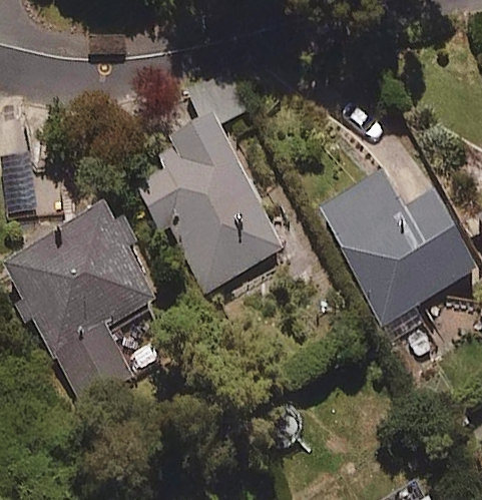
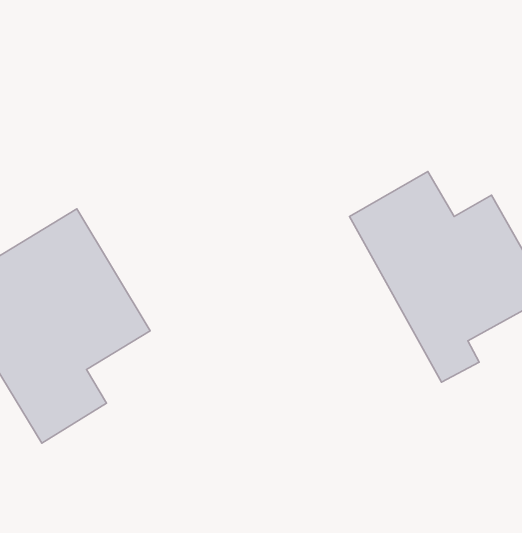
building: [135,107,286,293] -> none

